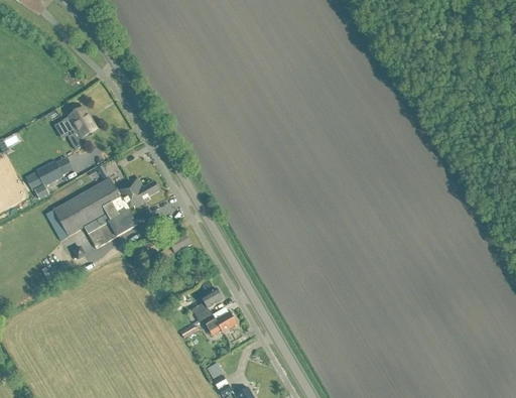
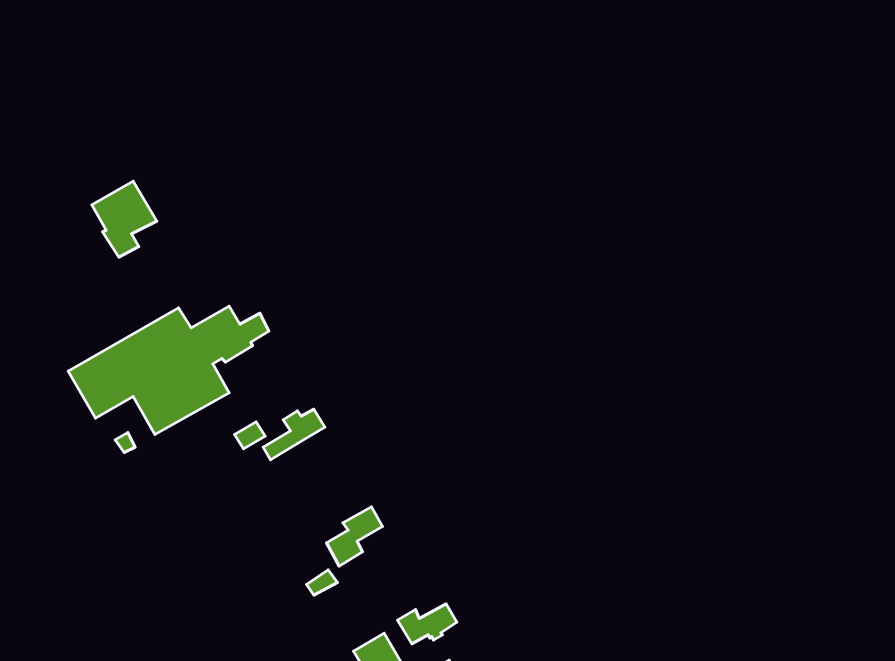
building: [34,156,73,186] -> none
building: [203,312,236,335] -> [397,604,457,644]

